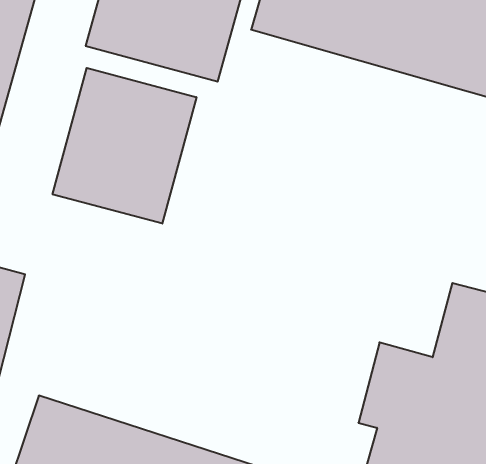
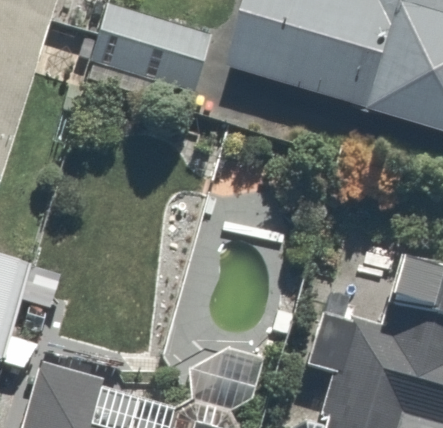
building: [53,68,196,224] -> none

